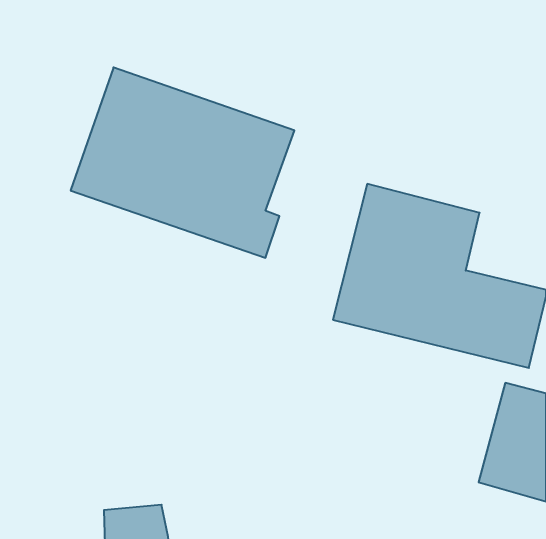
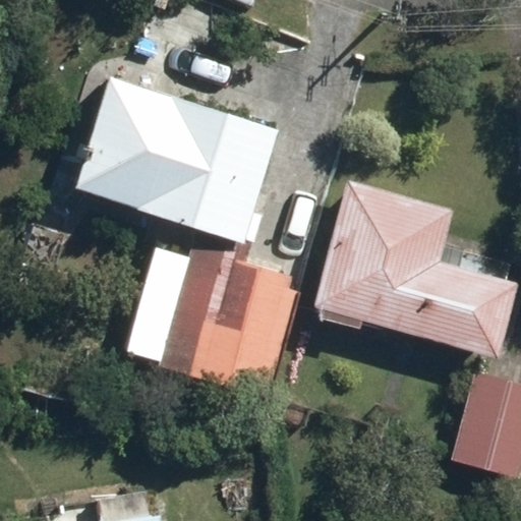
building: none -> [117,243,298,397]

